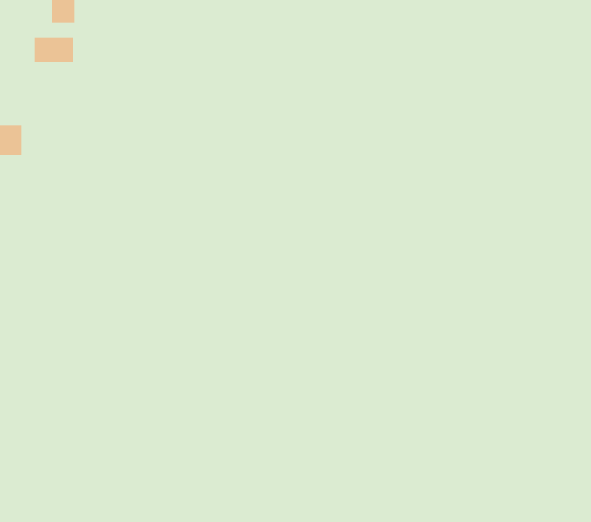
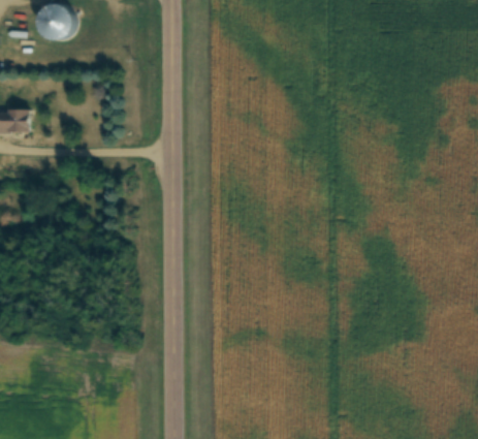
building: [34,37,74,63] -> none

